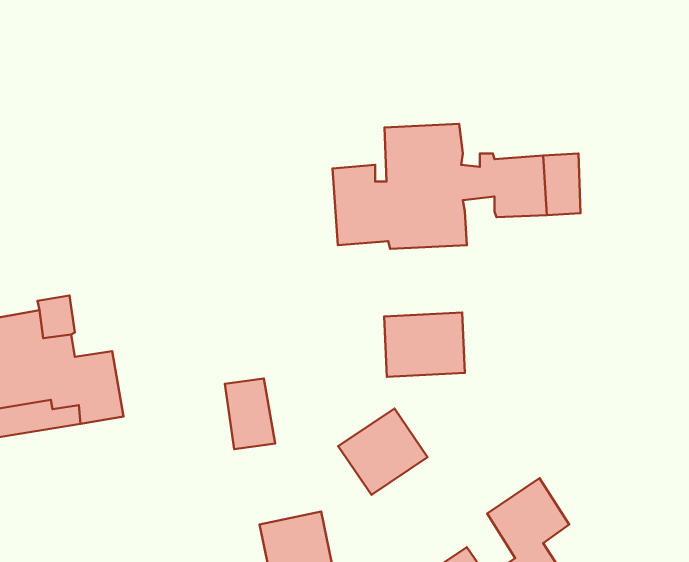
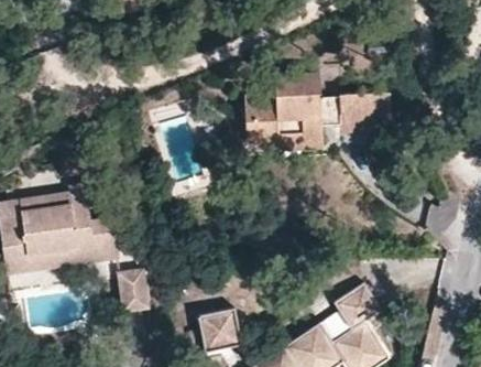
building: [384,312,465,377] -> none
building: [225,378,275,449] -> [117,259,146,301]
building: [338,408,428,495] -> none

